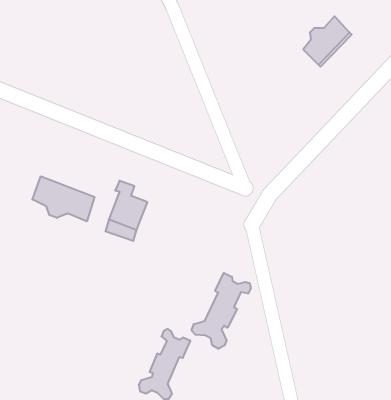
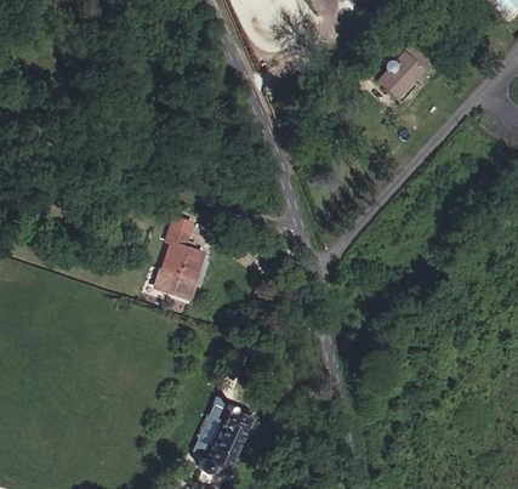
building: [32,176,95,221] -> none
building: [192,273,251,349] -> none

